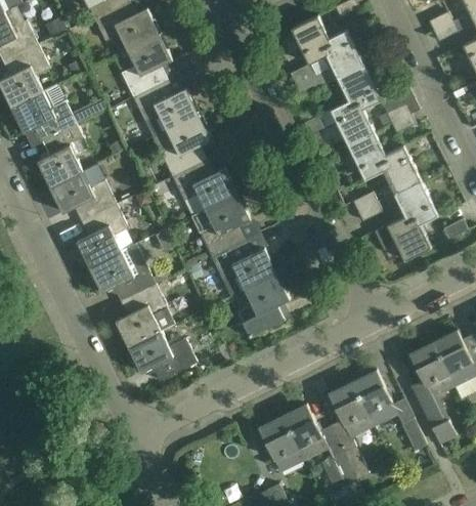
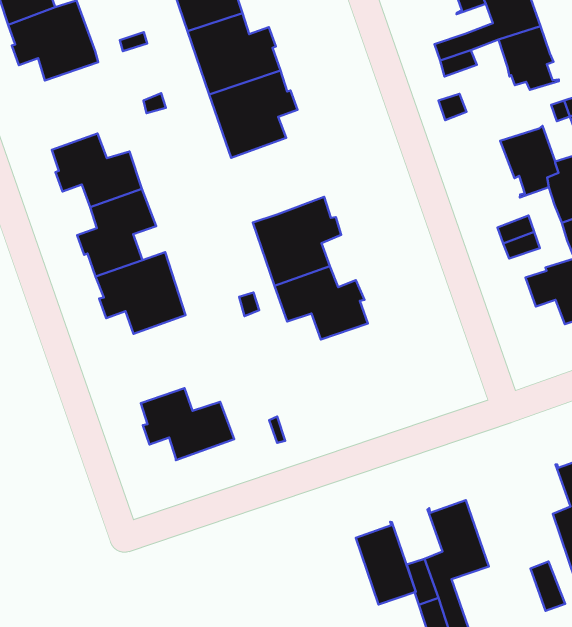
building: [331,99,381,143] -> none
building: [37,124,87,185] -> none
building: [171,159,235,210] -> none
building: [237,275,290,335] -> none
building: [115,284,165,345] -> none
building: [353,369,397,425] -> none
building: [258,417,304,471] -> none

